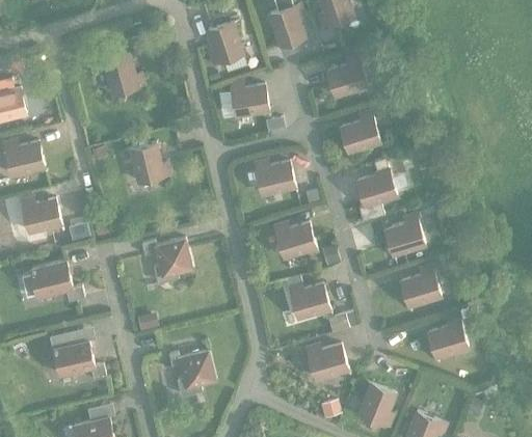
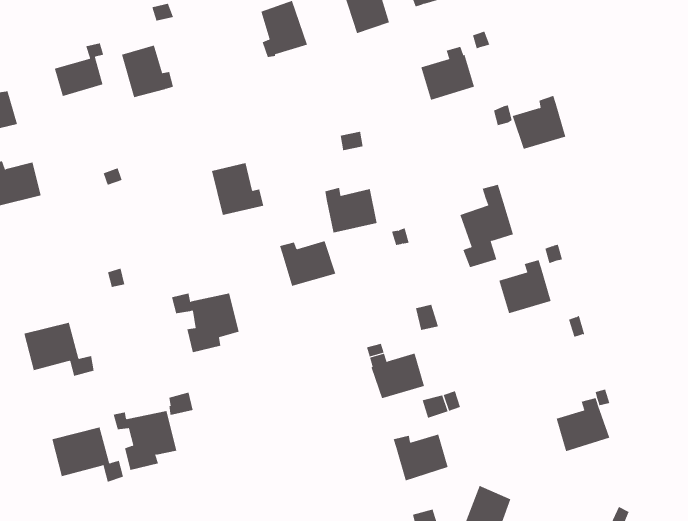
building: none -> [54,42,104,97]
building: [230,83,268,116] -> none
building: [339,112,379,153] -> [512,95,566,149]
building: [129,143,168,183] -> [211,162,264,215]
building: [21,198,60,233] -> none
building: [273,223,316,257] -> [279,240,336,286]
building: [400,267,440,307] -> none
building: [167,352,215,397] -> [113,410,177,470]

